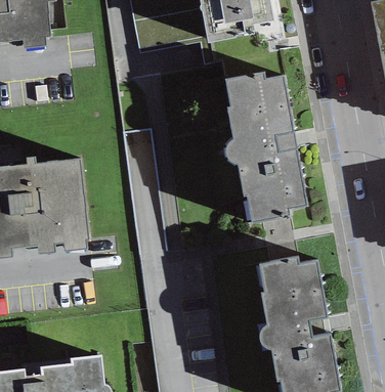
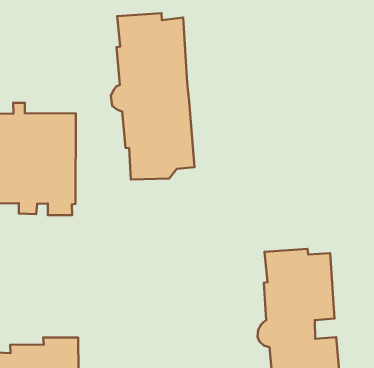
building: [225,72,306,221] -> [111,13,194,180]

